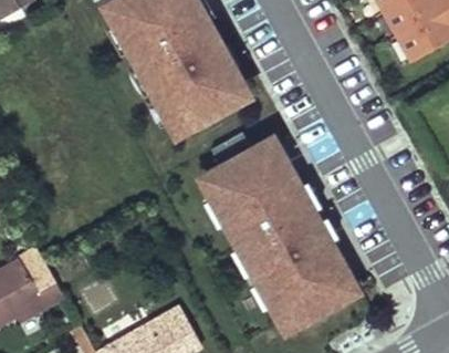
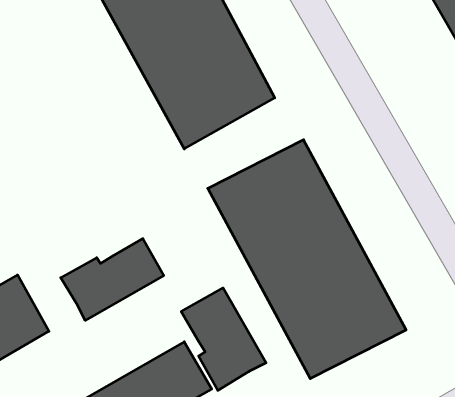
building: none -> [61,239,164,320]
building: none -> [181,288,266,390]

